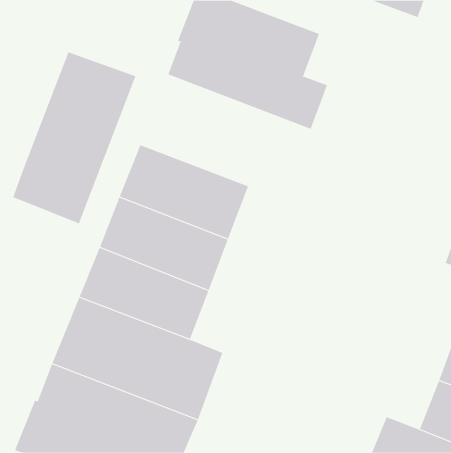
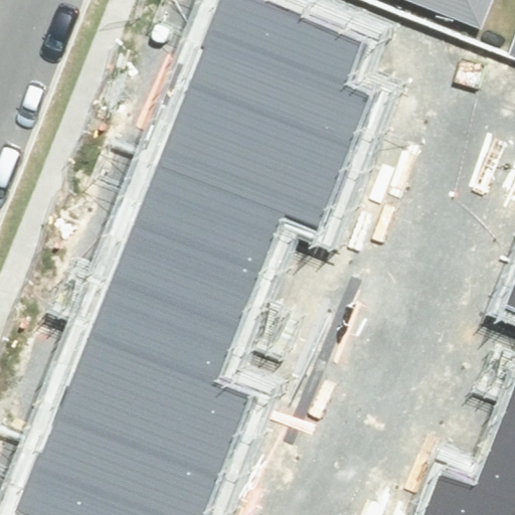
building: [13,52,136,224] -> none
building: none -> [161,84,355,226]

